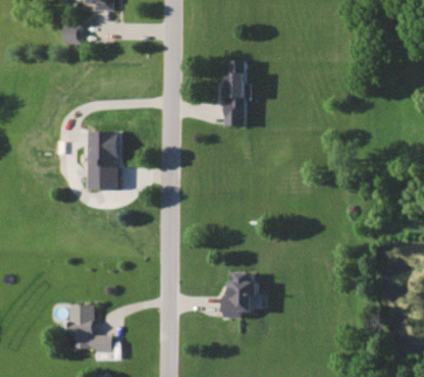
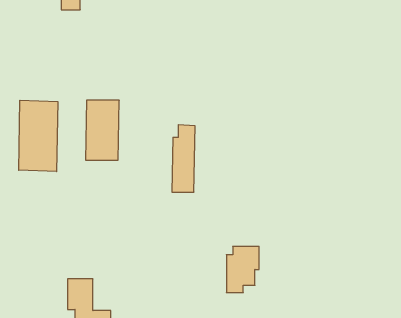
building: [222,60,245,125] -> [172,125,195,192]
building: none -> [19,100,58,172]

